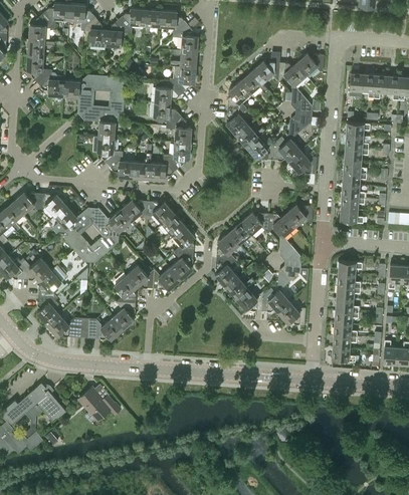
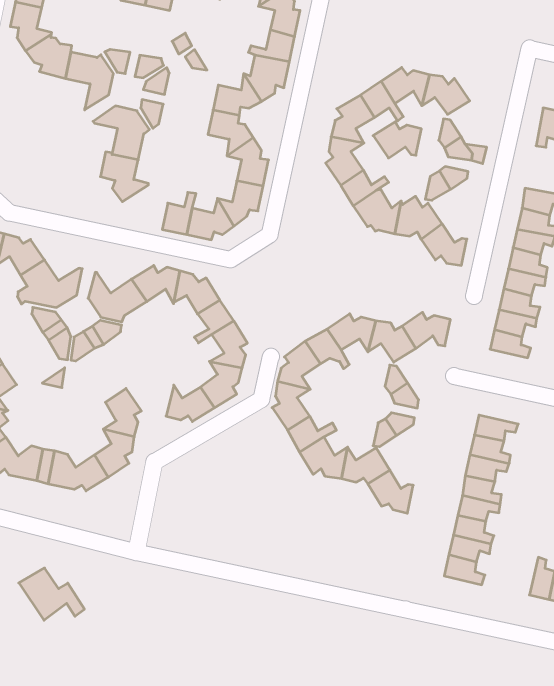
building: [294,53,323,75] -> [373,122,421,158]
building: [108,153,135,178] -> none
building: [126,265,154,288] -> none

